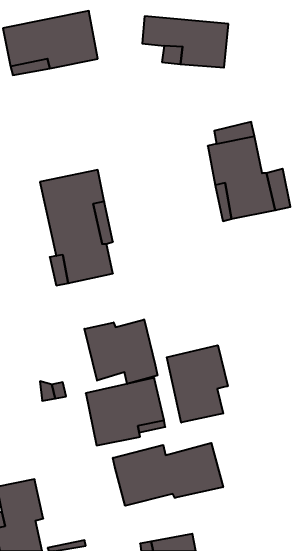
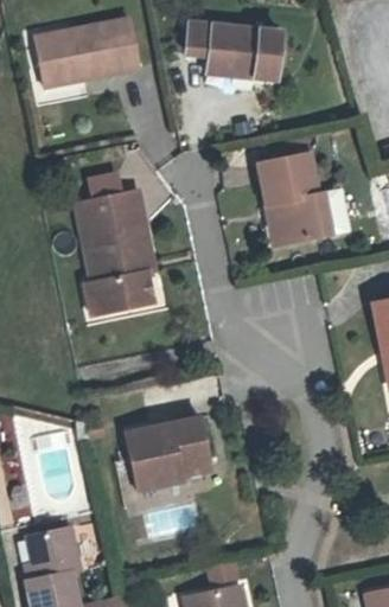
building: [84,319,157,384] -> none
building: [167,345,228,423] -> none
building: [113,443,223,506] -> none

